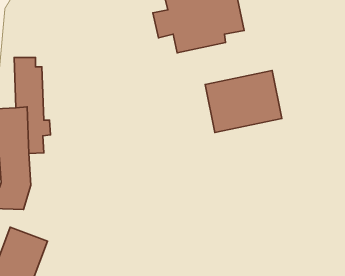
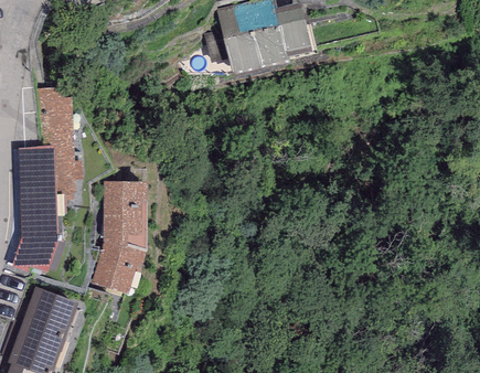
building: [205,70,282,133] -> none
building: none -> [90,182,147,295]

